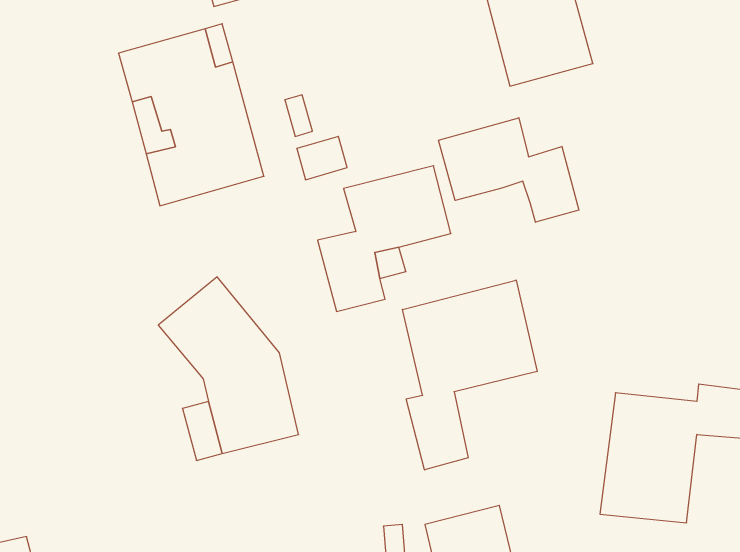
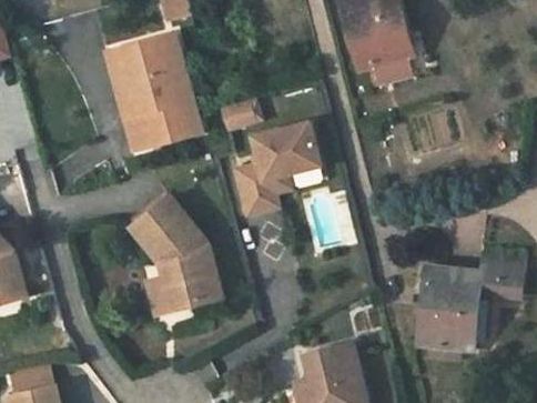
building: [439,118,579,222] -> none
building: [402,280,537,470] -> none

